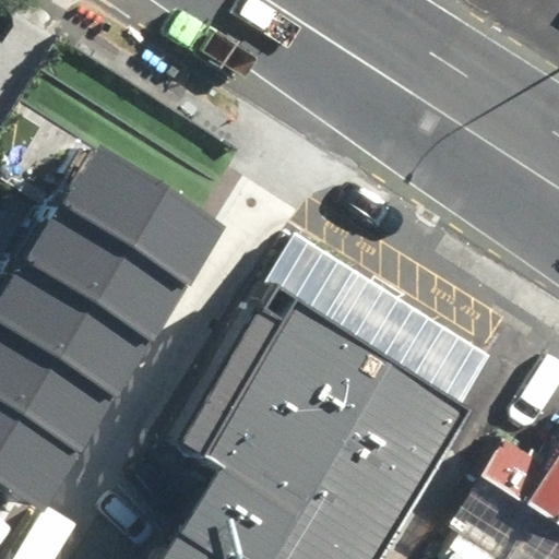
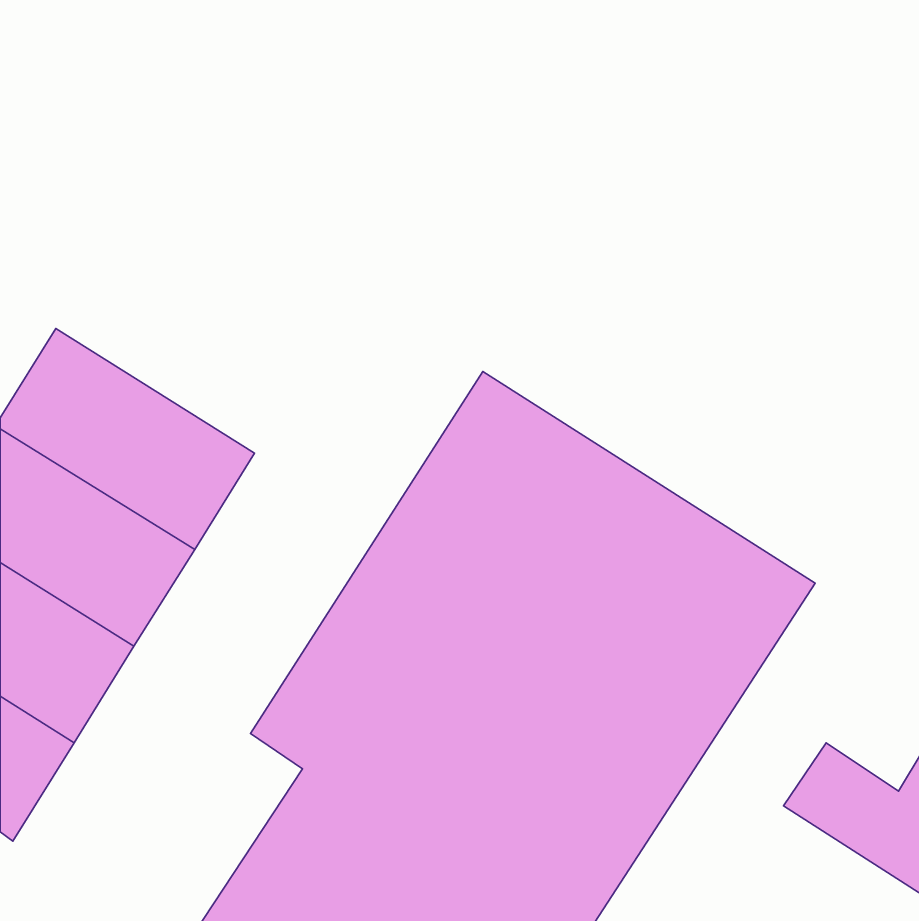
building: [50,153,203,283] -> none

